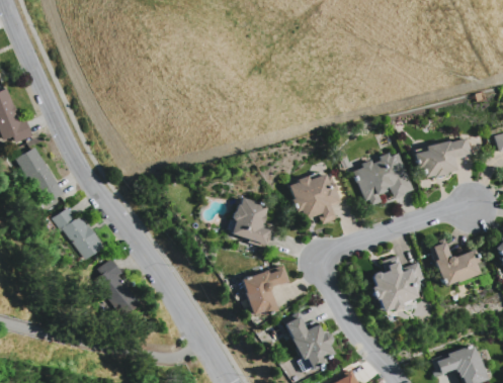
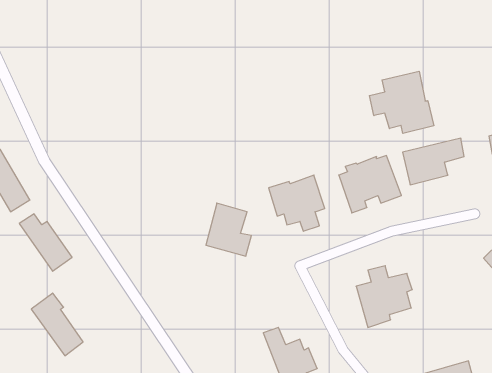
building: none -> [369,71,434,133]
building: [428,240,479,286] -> none
building: [92,259,141,317] -> [31,293,83,356]
building: [241,266,288,316] -> none

